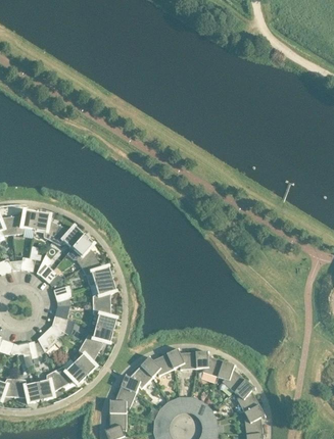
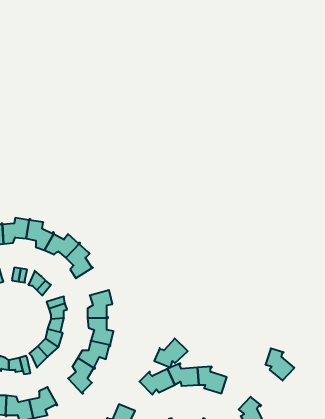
building: [81,256,112,283] -> none
building: [219,360,246,391] -> [265,348,294,381]
building: [54,361,87,387] -> none
building: [122,364,153,392] -> [154,338,188,367]

